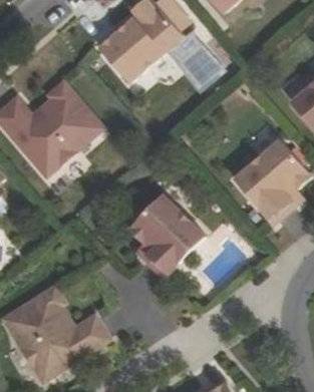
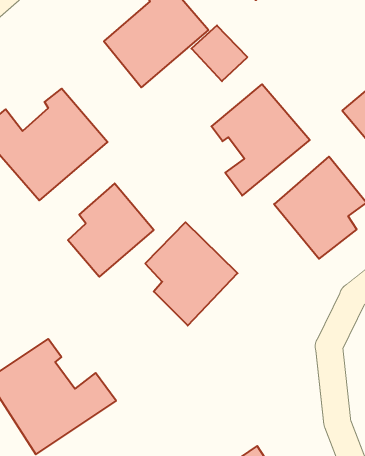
building: none -> [211,84,310,196]
building: none -> [68,183,154,277]

